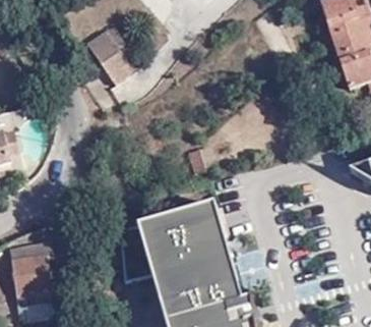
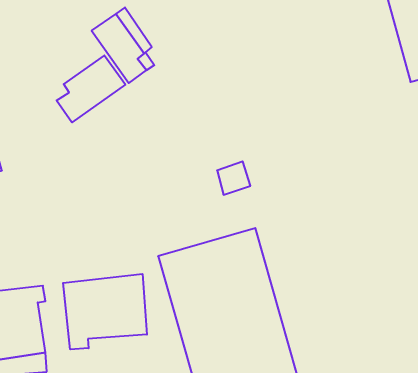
building: none -> [57,55,125,122]
building: none -> [63,274,147,349]

